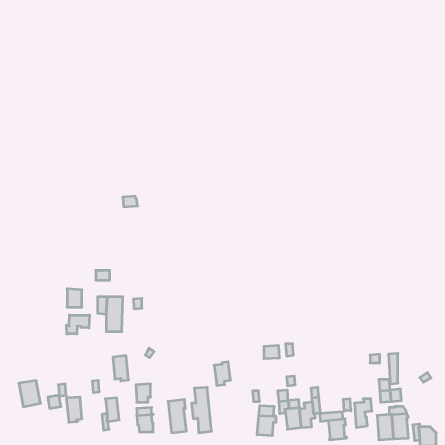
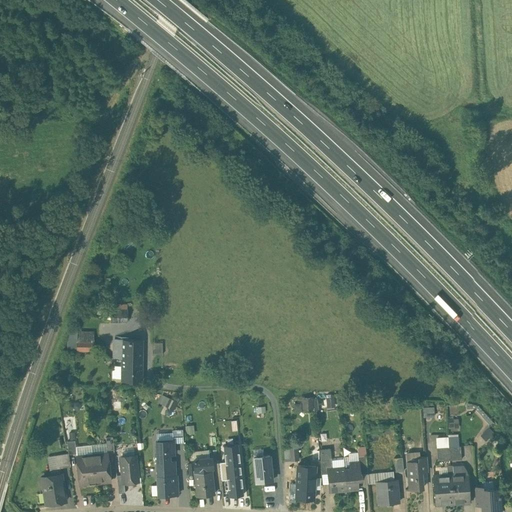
building: [66,315,90,334] -> none
building: [113,356,129,381] -> [92,454,110,483]
building: [214,362,231,385] -> [253,456,272,483]
building: [19,381,41,407] -> [41,475,66,505]

